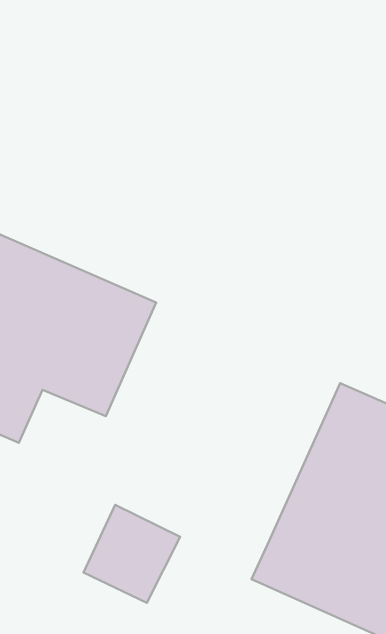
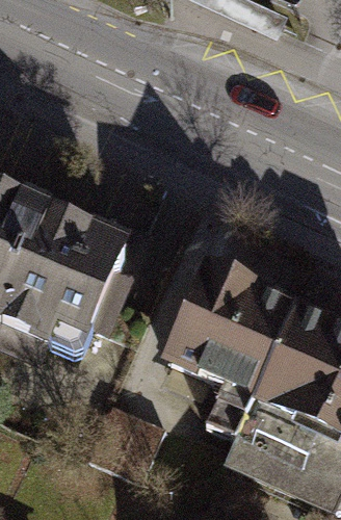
building: none -> [167,269,292,433]

